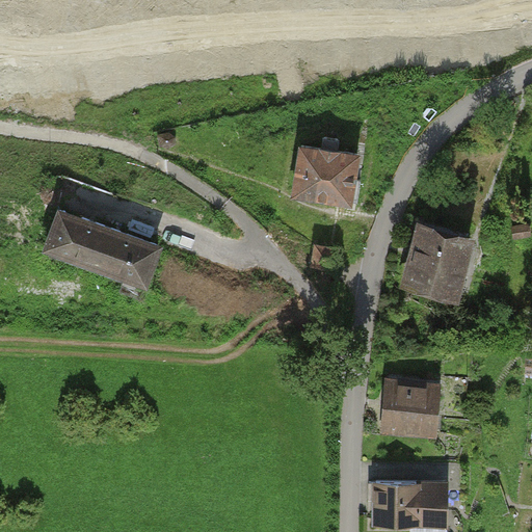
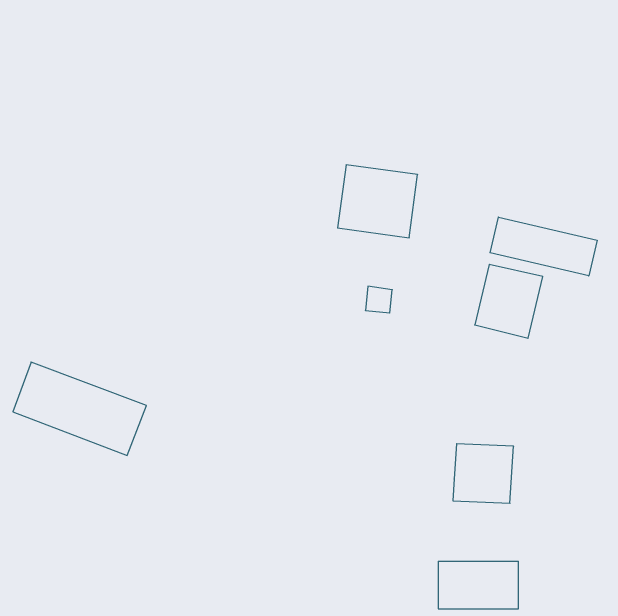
building: none -> [490,217,597,276]
building: [44,209,158,289] -> [13,362,146,455]

